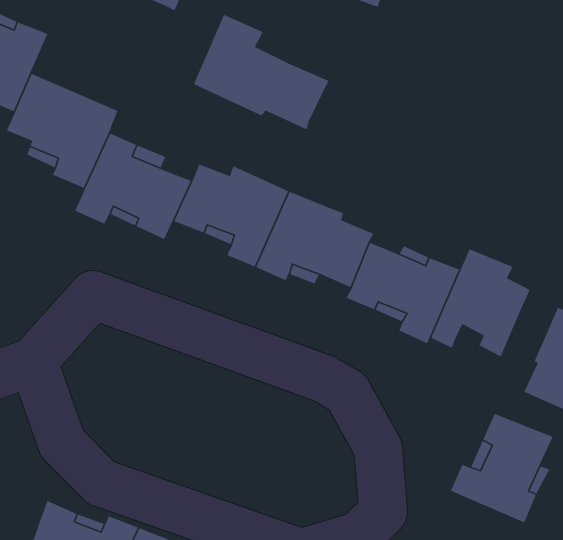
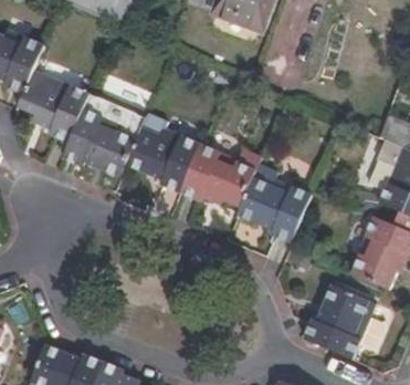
building: [193,14,329,130] -> none
building: [430,248,531,357] -> none

